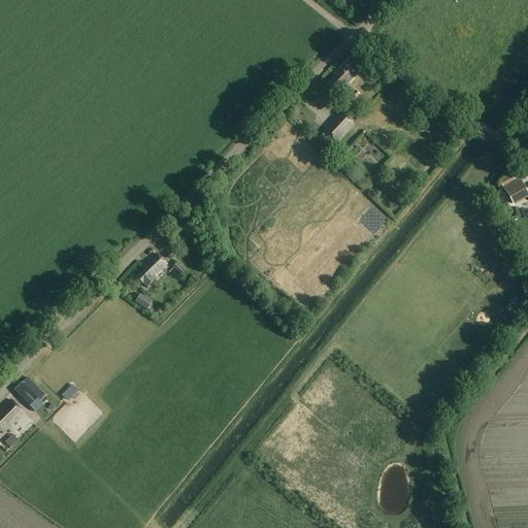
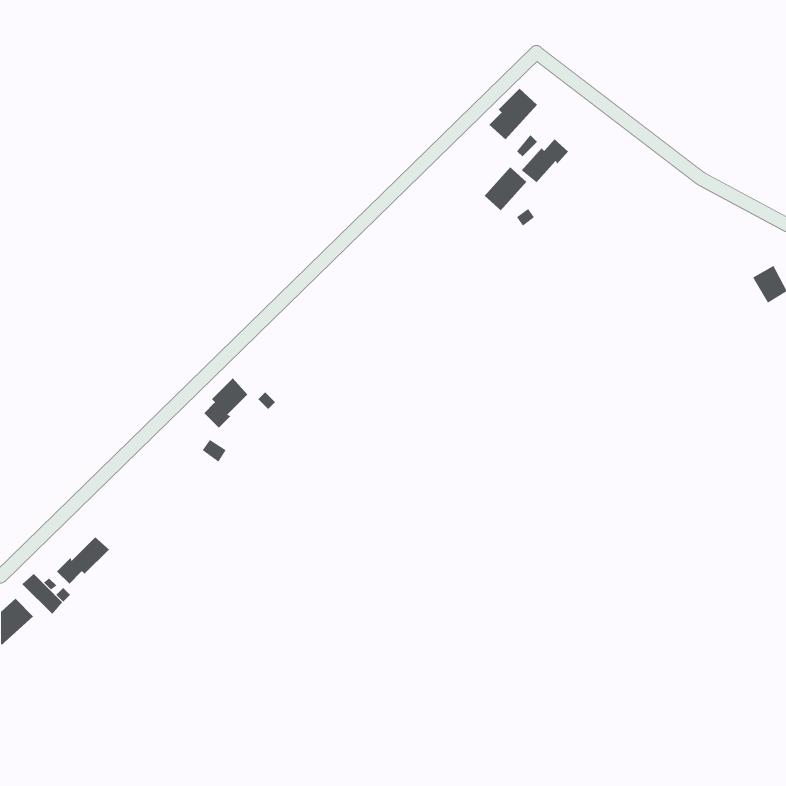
building: none -> [521,139,569,183]
building: none -> [56,537,110,585]

